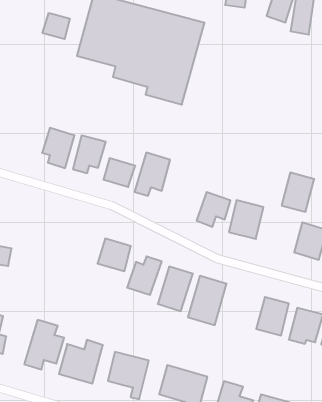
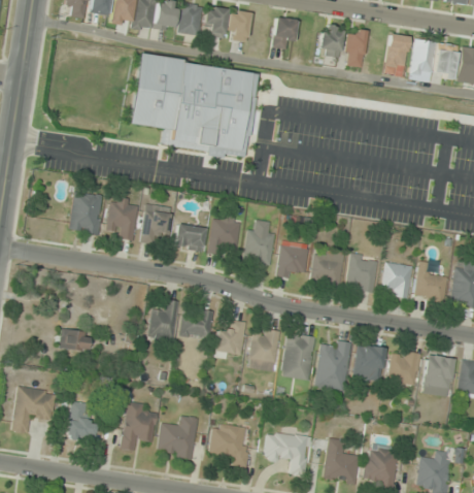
building: [43,13,70,39] -> none
building: none -> [70,191,103,234]
building: none -> [244,221,275,265]
building: [282,173,314,212] -> [347,254,377,292]
building: none -> [148,300,179,341]
building: none -> [314,339,351,393]

